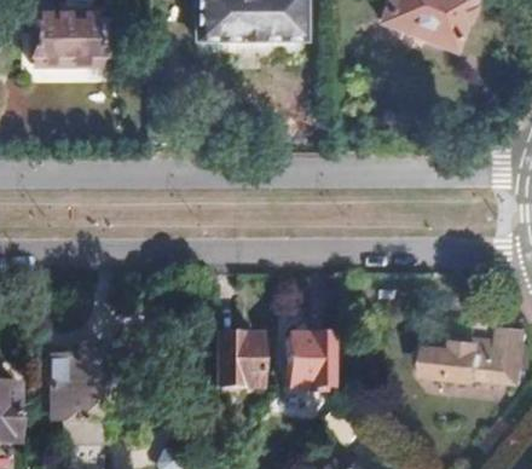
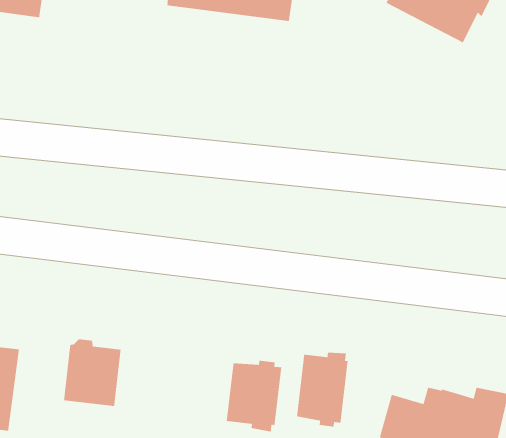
building: none -> [296,352,349,427]
building: [218,331,262,386] -> [63,339,122,407]

